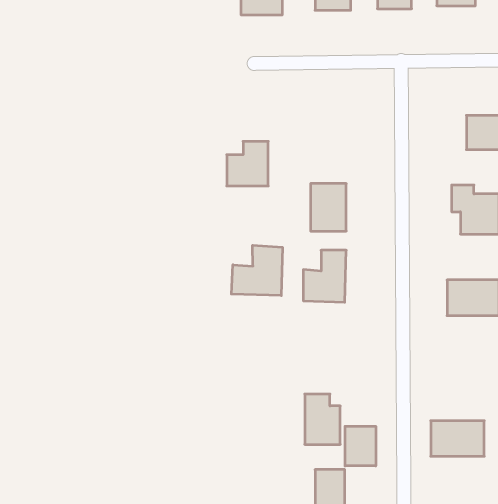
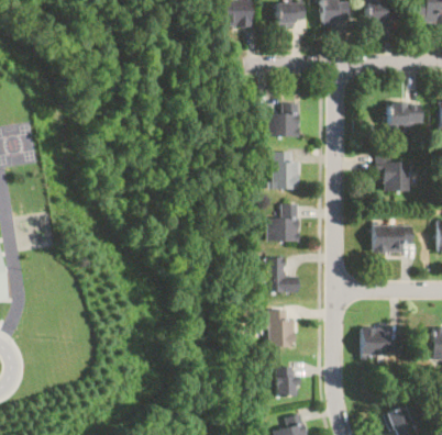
building: [227,141,268,186] -> [268,104,299,137]
building: [231,245,282,296] -> none
building: none -> [266,256,297,291]
building: [345,426,376,466] -> none

